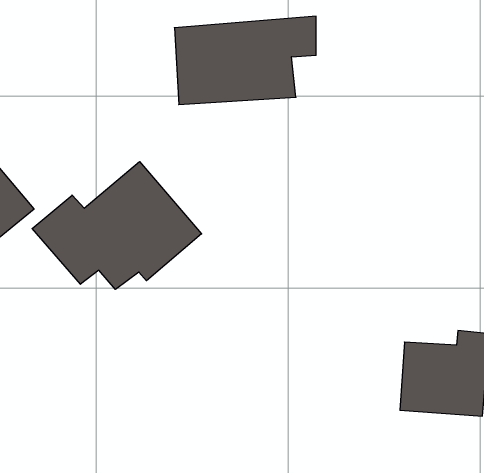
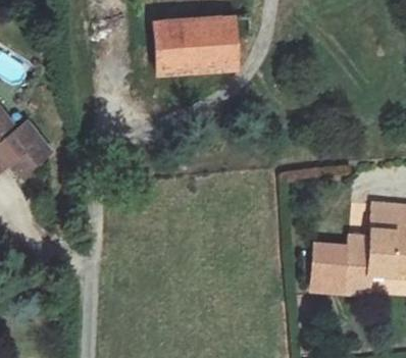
building: [32,162,202,289] -> none

